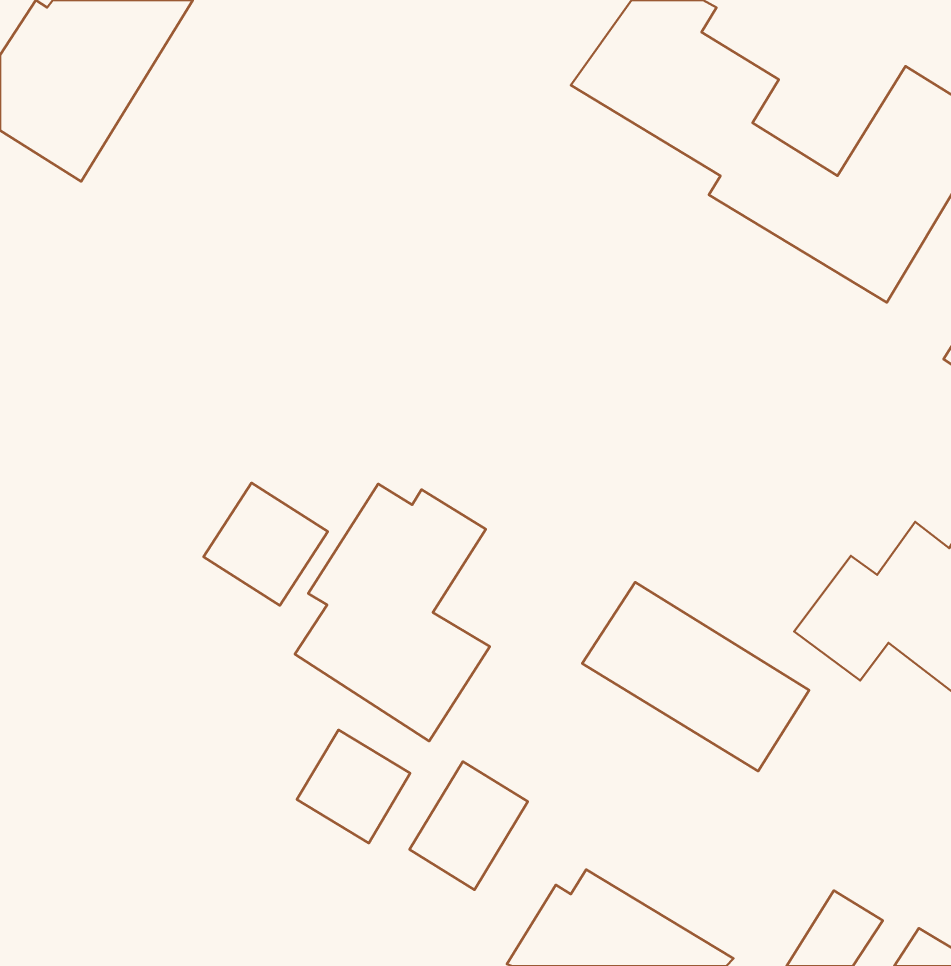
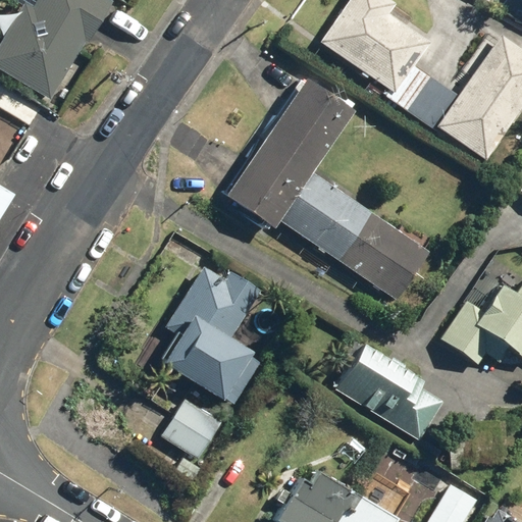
building: none -> [219,80,426,299]
building: [204,483,328,605] -> none
building: [409,761,528,890] -> none

